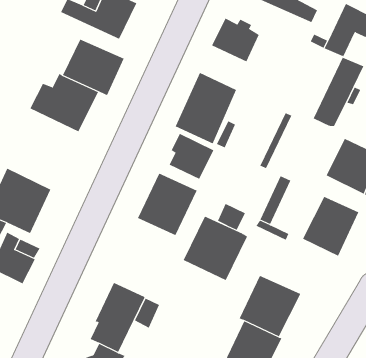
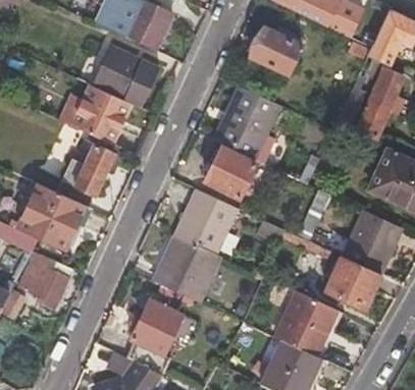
building: none -> [61,147,112,197]
building: [183,216,248,281] -> [151,234,218,301]
building: none -> [326,256,381,309]

